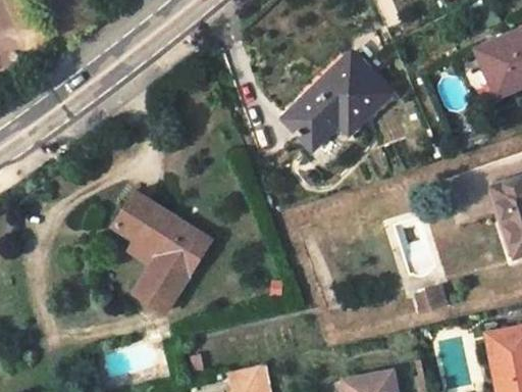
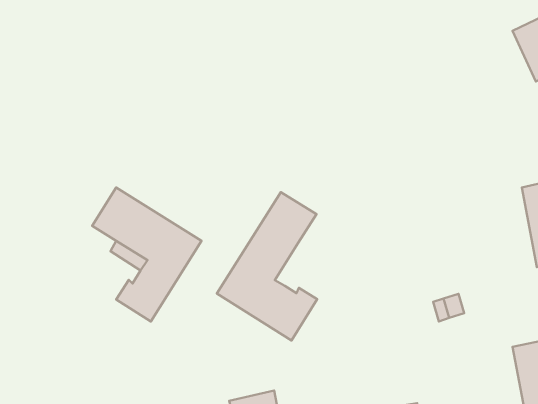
building: [283,51,389,148] -> none
building: none -> [217,192,317,341]

